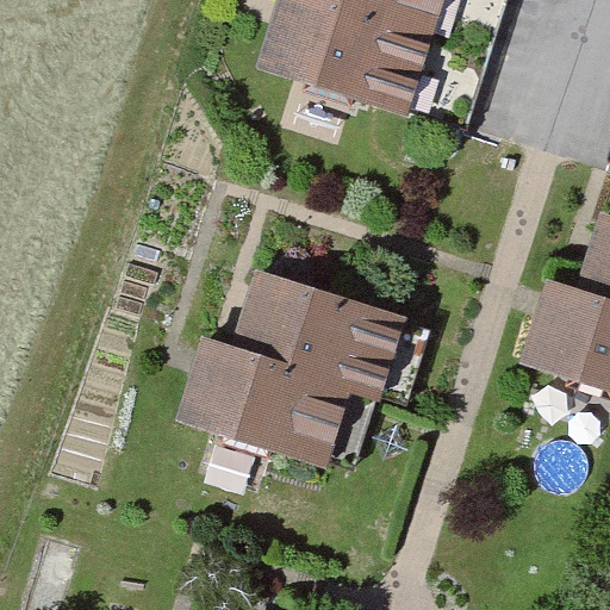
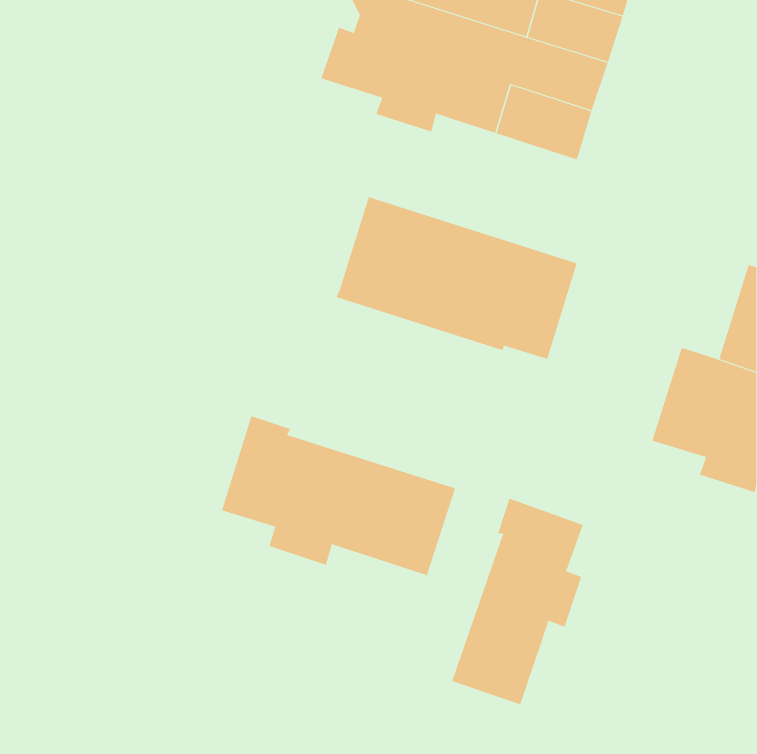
building: [231,268,425,399] -> [335,196,577,360]
building: none -> [452,498,584,705]

